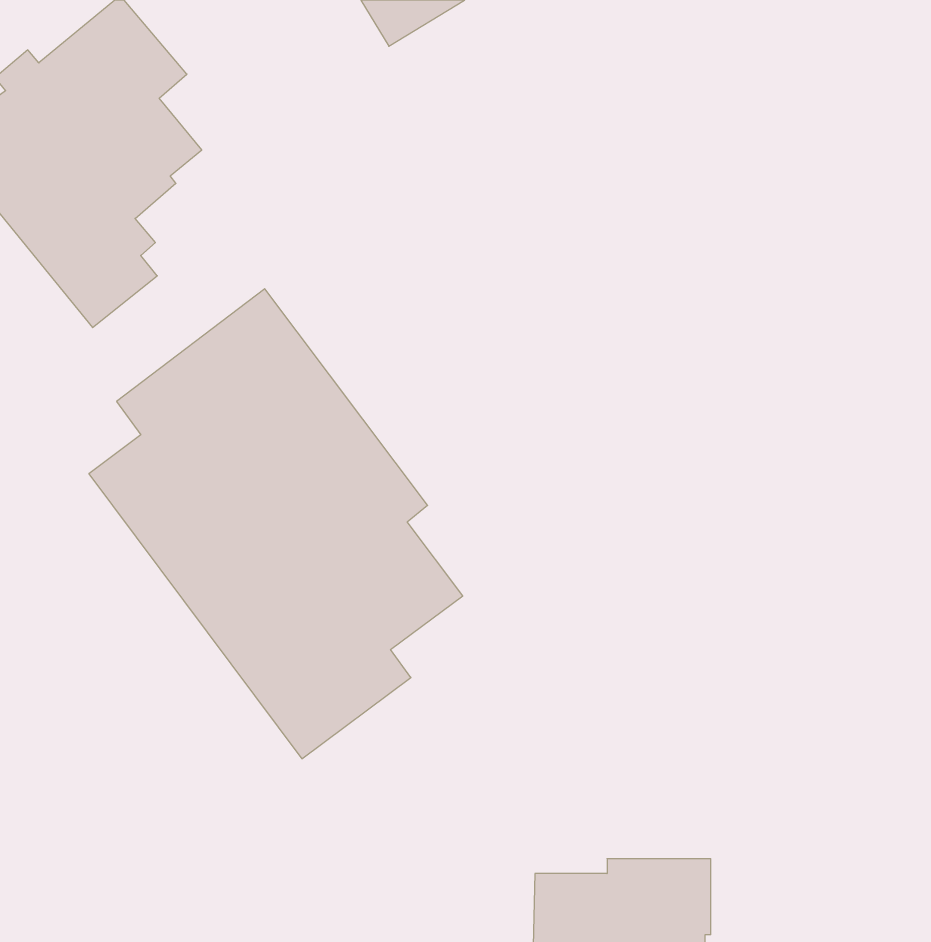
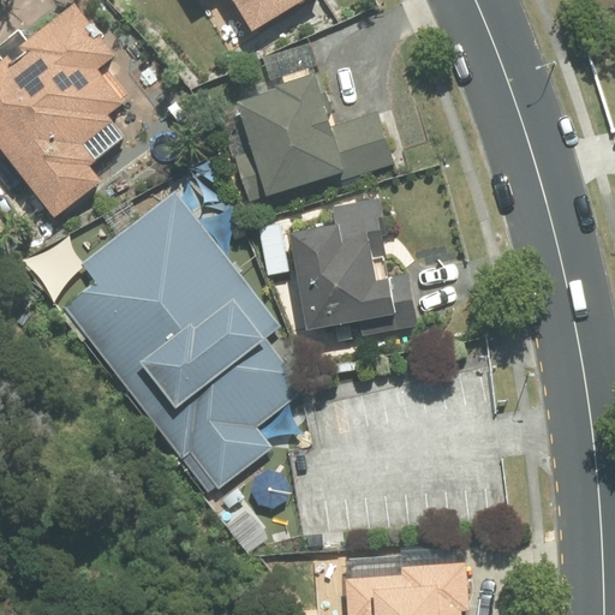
building: none -> [232,41,388,203]
building: none -> [293,199,417,336]

